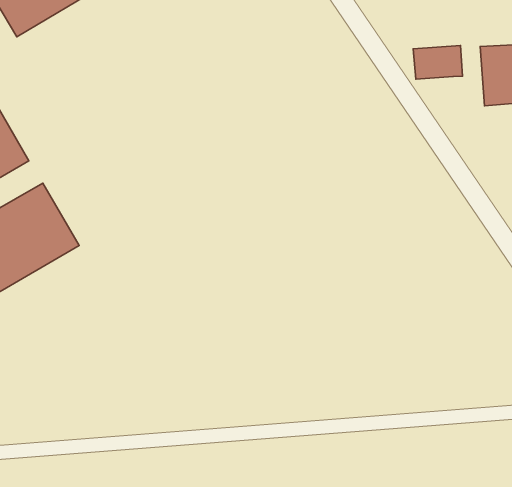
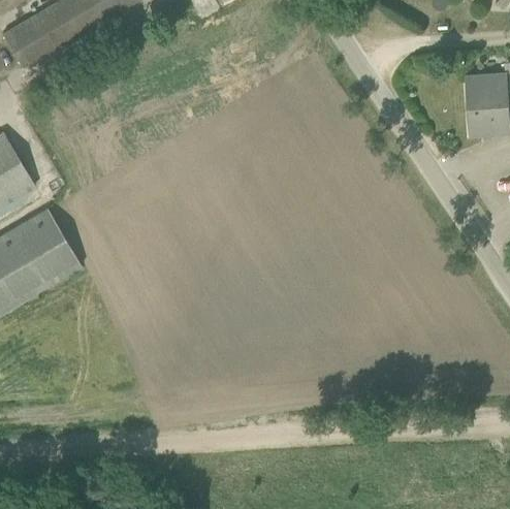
building: [413,46,463,79] -> none

